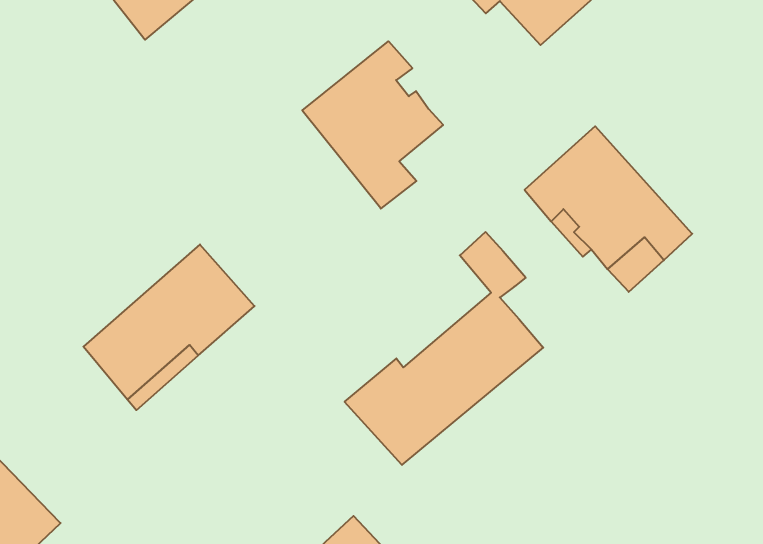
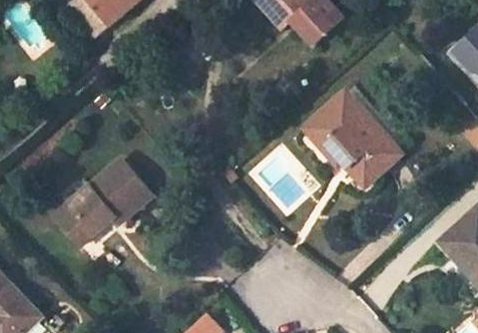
building: [302,41,443,209] -> none
building: [345,232,543,465] -> none

